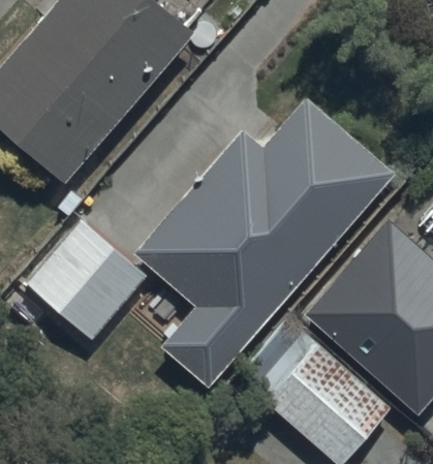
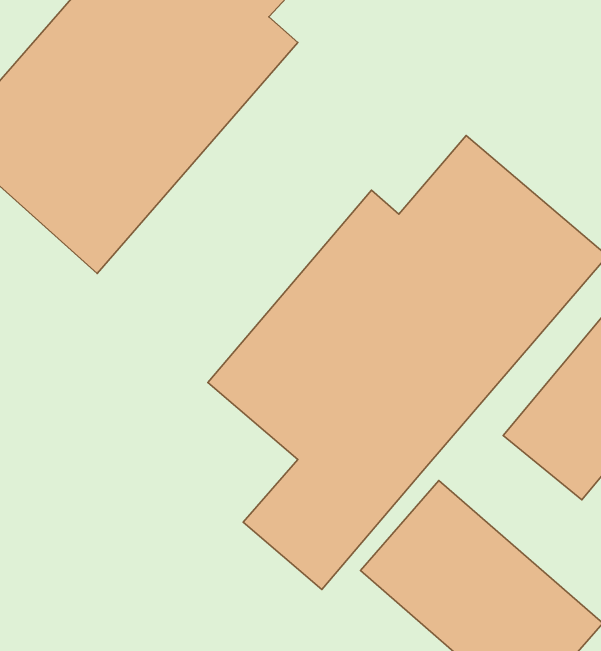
building: [24,219,147,341] -> none

